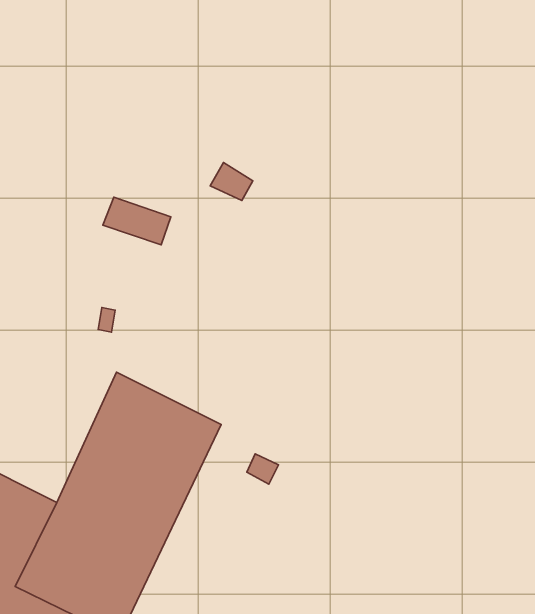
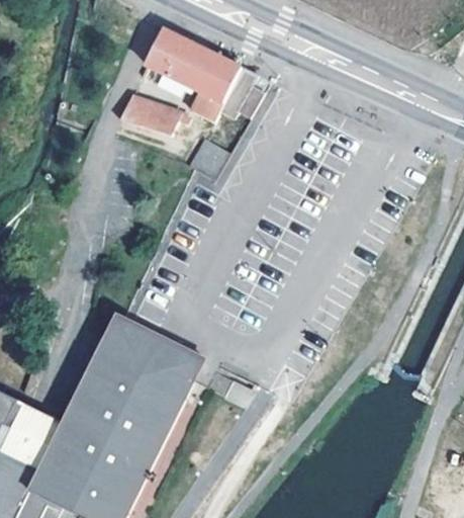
building: none -> [140,28,264,121]
building: [103,197,171,245] -> [120,96,177,136]

